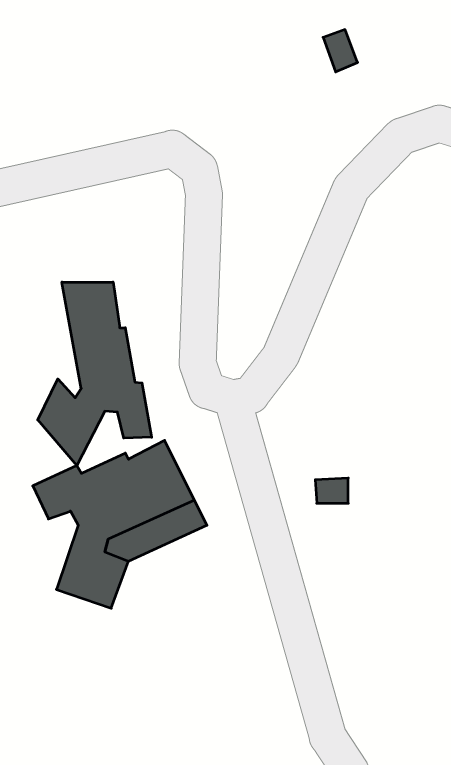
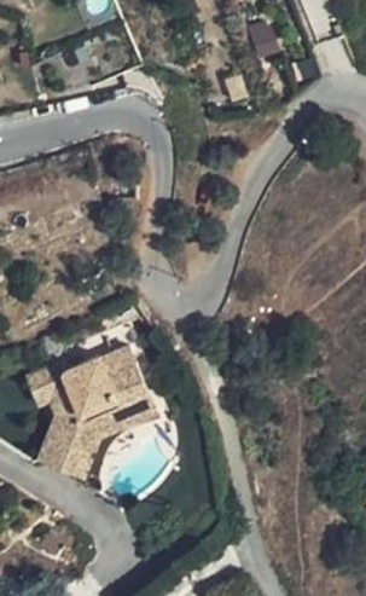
building: [38,282,152,466] -> none

